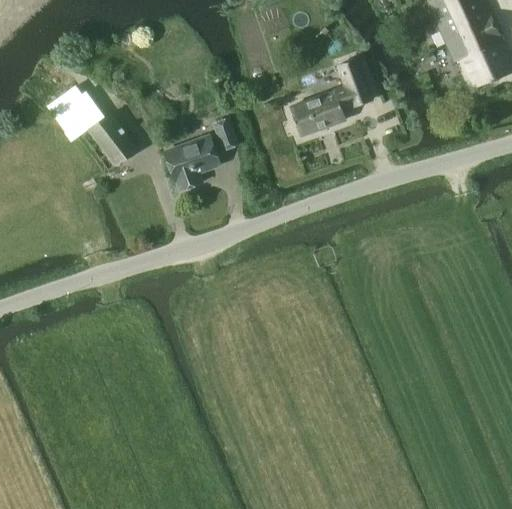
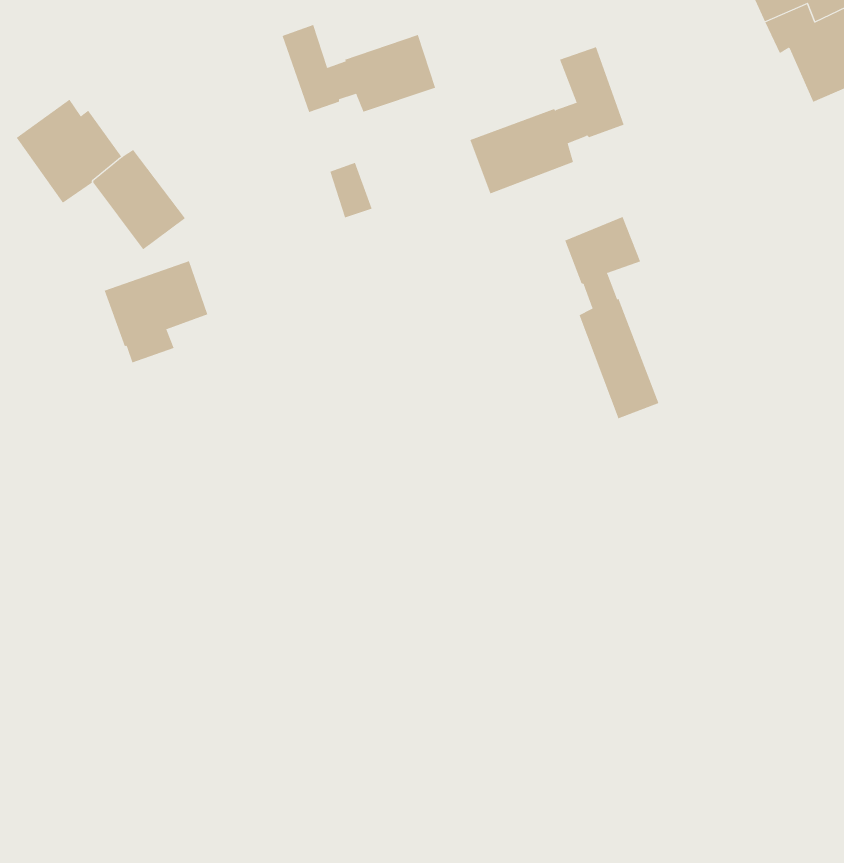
building: none -> [282,24,436,113]
building: [164,135,220,190] -> [104,260,208,363]
building: none -> [564,216,659,419]

